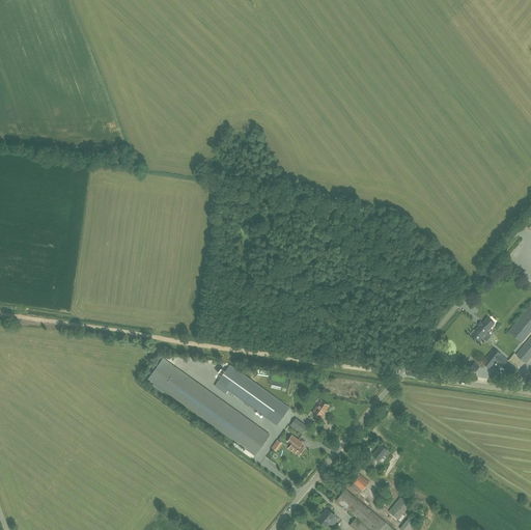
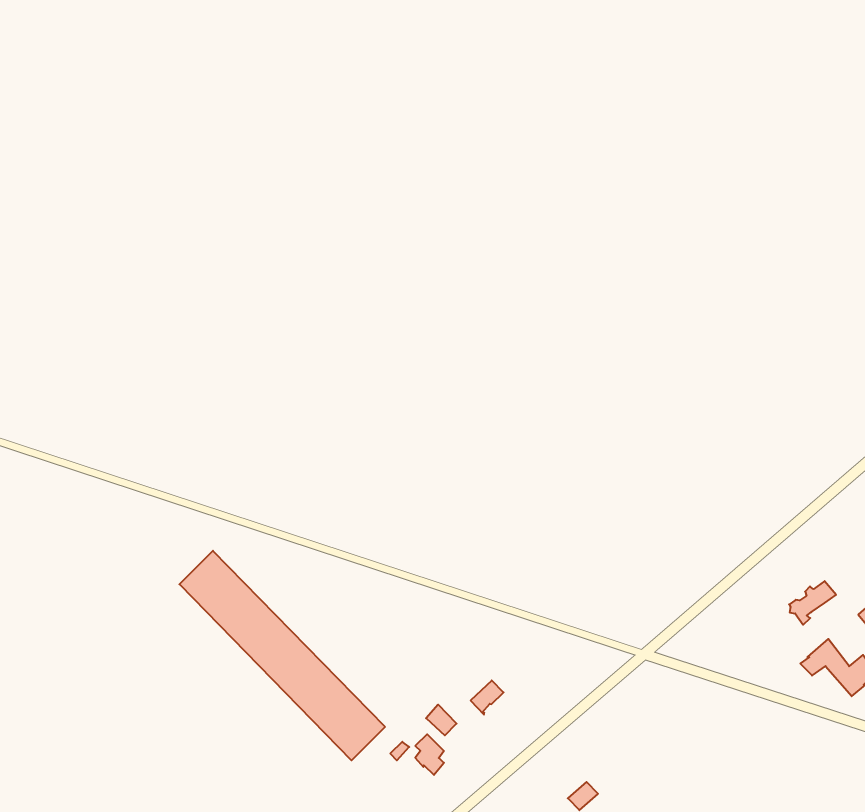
building: [217,364,289,425] -> none

